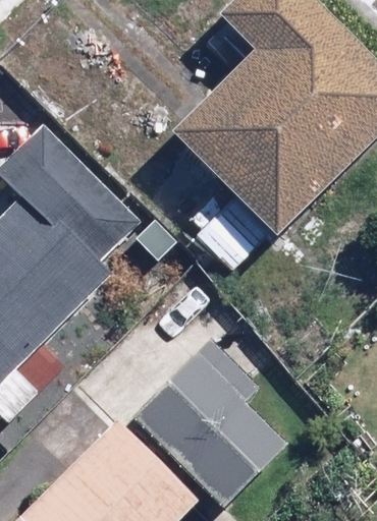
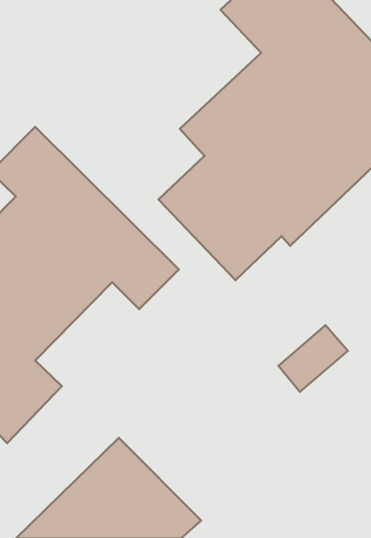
building: [130,332,286,506] -> none

